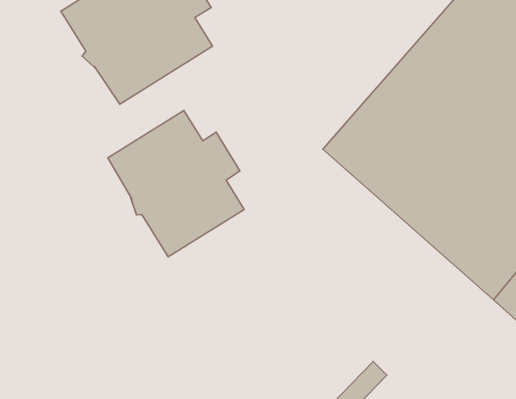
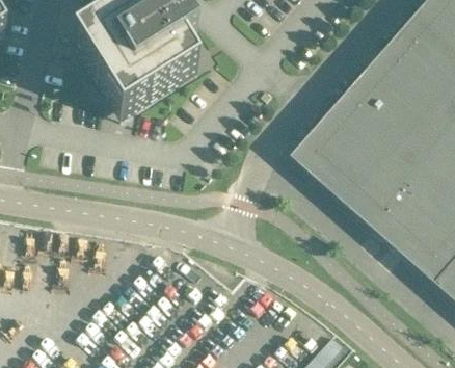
building: [108,110,244,257] -> none

